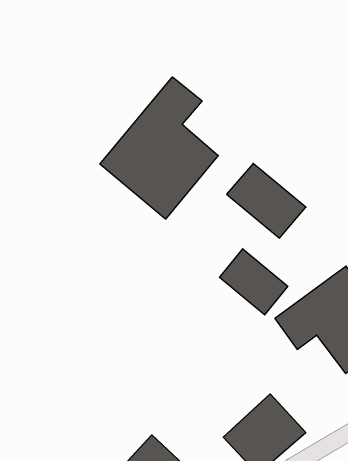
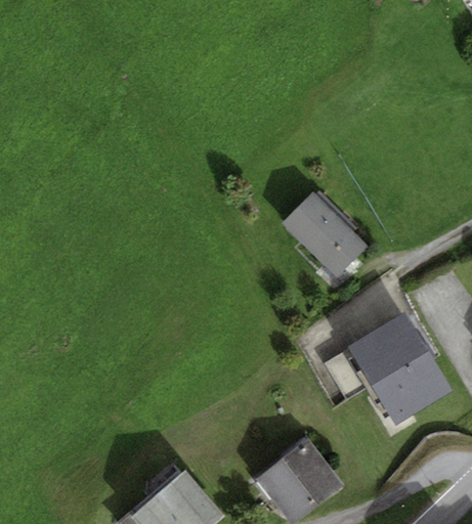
building: [100,77,218,219] -> none
building: [220,249,288,315] -> none

